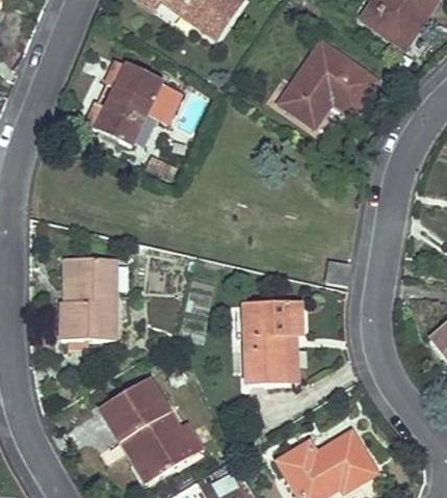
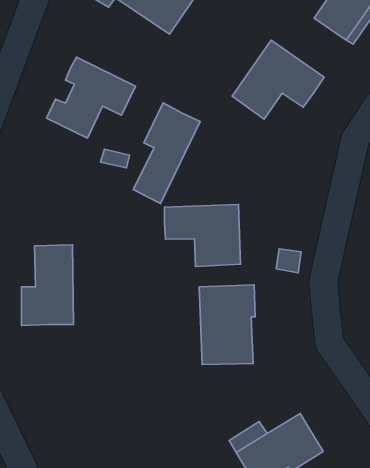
building: none -> [133,103,200,203]
building: none -> [164,205,241,266]
building: [101,378,192,481] -> none

